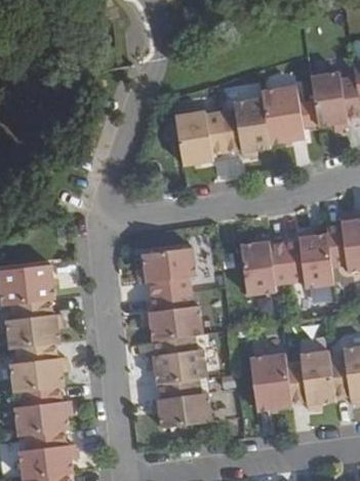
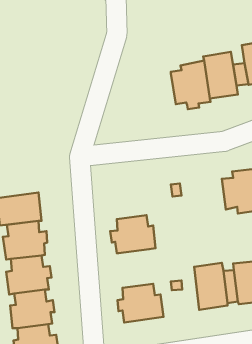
building: [174,111,226,165] -> none
building: [240,244,289,297] -> none
building: [138,247,196,296] -> none
building: [147,334,205,384] -> none

